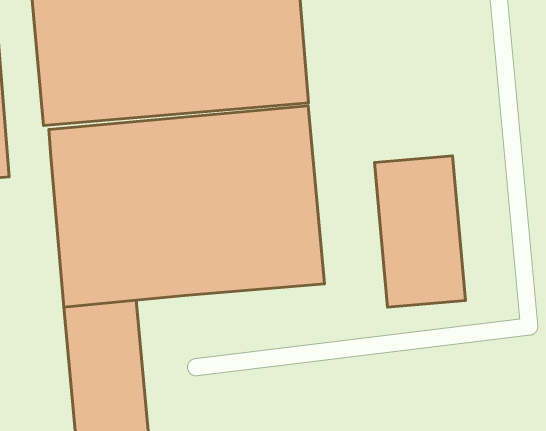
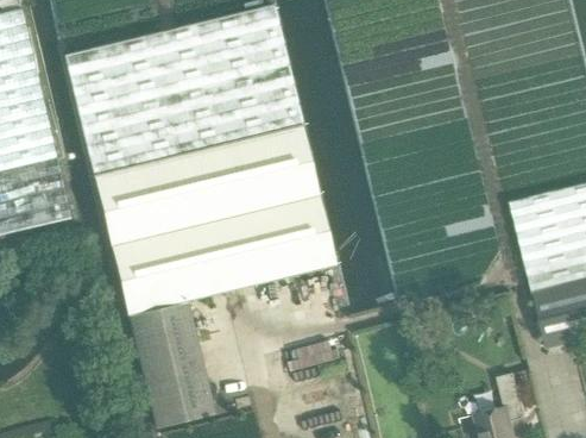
building: [374,156,465,307] -> none

